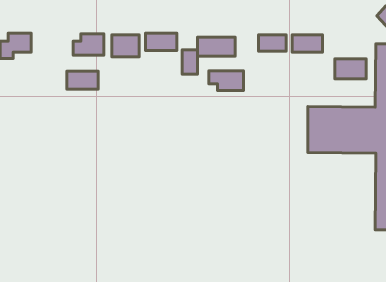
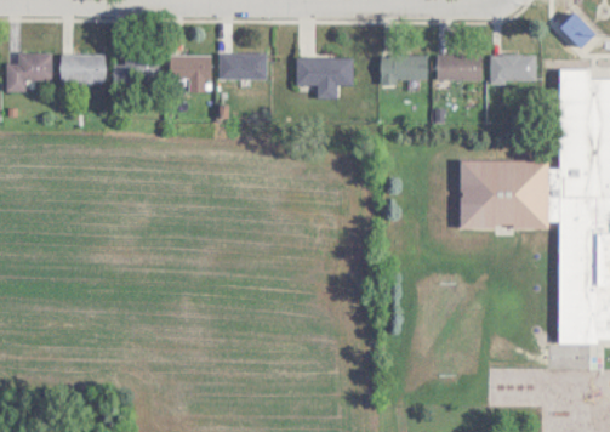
building: [182,50,197,74] -> none
building: [335,59,366,79] -> [491,53,537,83]
building: [209,71,244,91] -> none
building: [67,71,98,89] -> [59,55,106,81]

